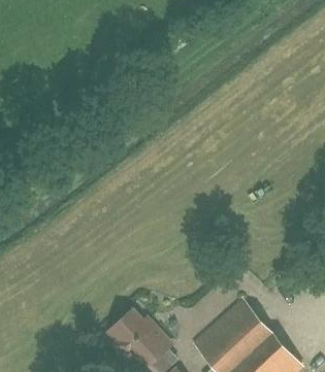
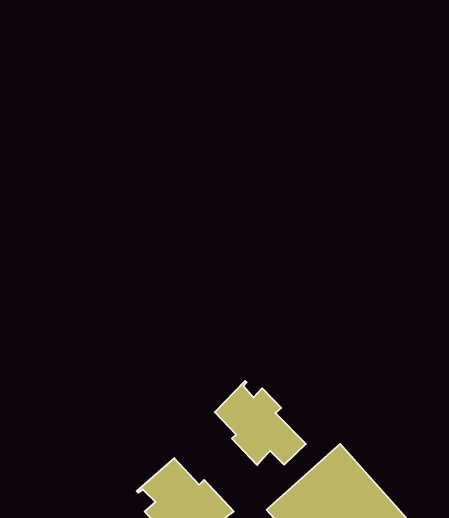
building: none -> [215,381,306,465]

